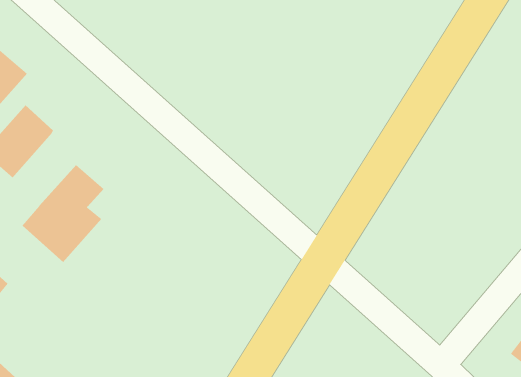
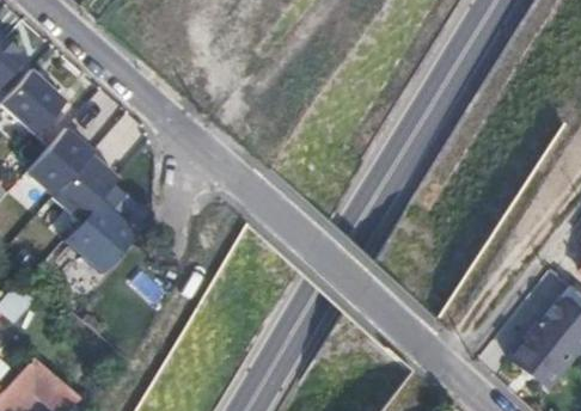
building: none -> [53,155,118,222]

